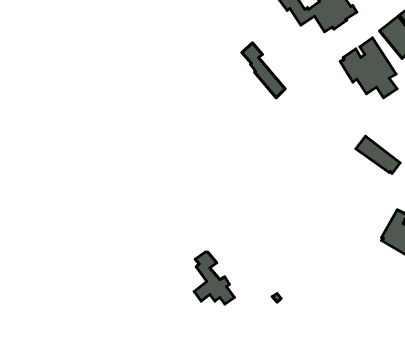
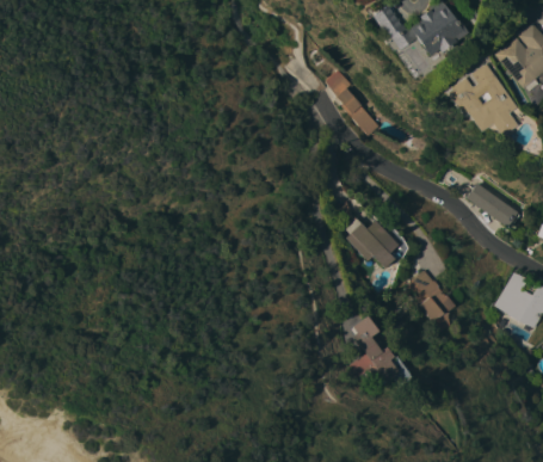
building: none -> [341,212,399,269]
building: none -> [411,270,456,333]
building: [194,252,235,304] -> [352,318,401,381]

